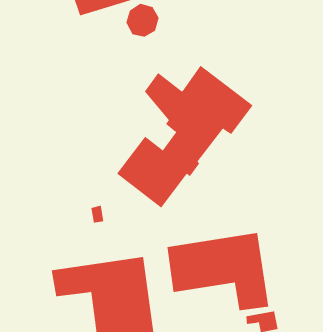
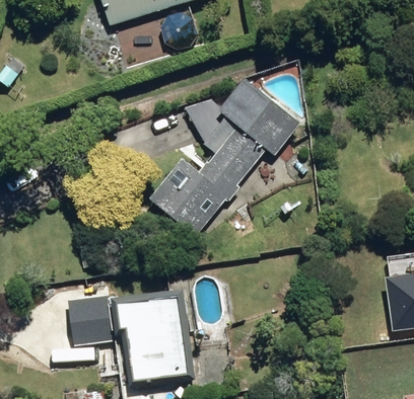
building: [167,232,269,311] -> none

